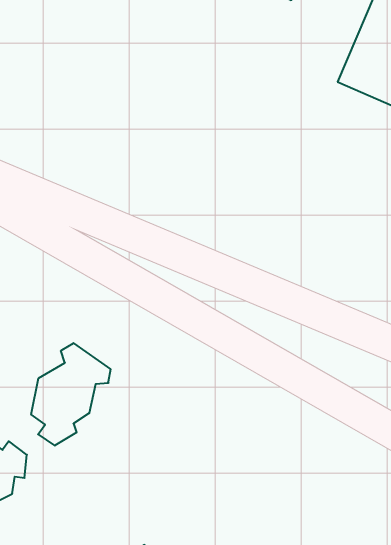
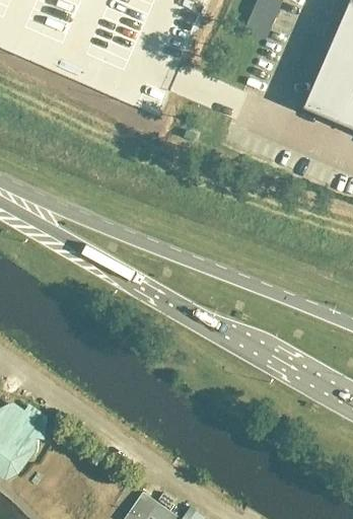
building: [31,343,110,446] -> none

